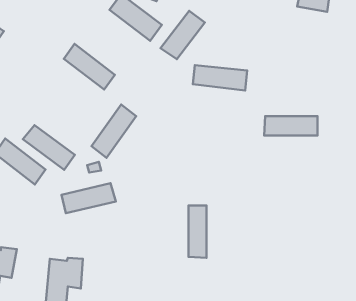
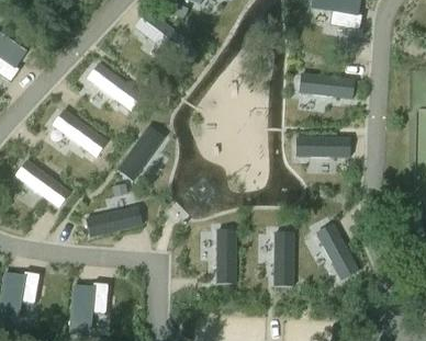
building: [160,11,205,59] -> none
building: [193,65,247,91] -> [298,72,354,99]
building: [23,125,75,170] -> [53,110,107,156]
building: none -> [316,224,358,280]
building: none -> [273,232,293,285]

